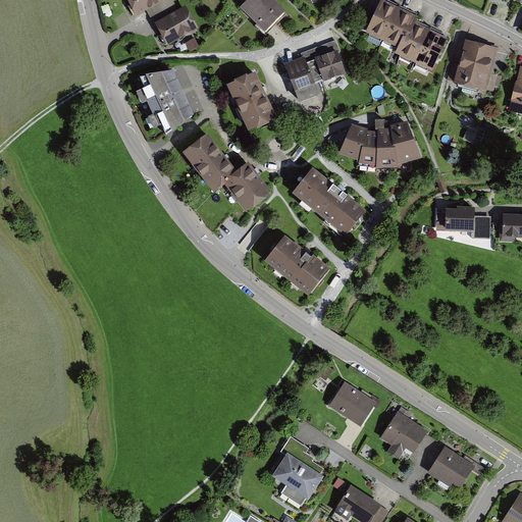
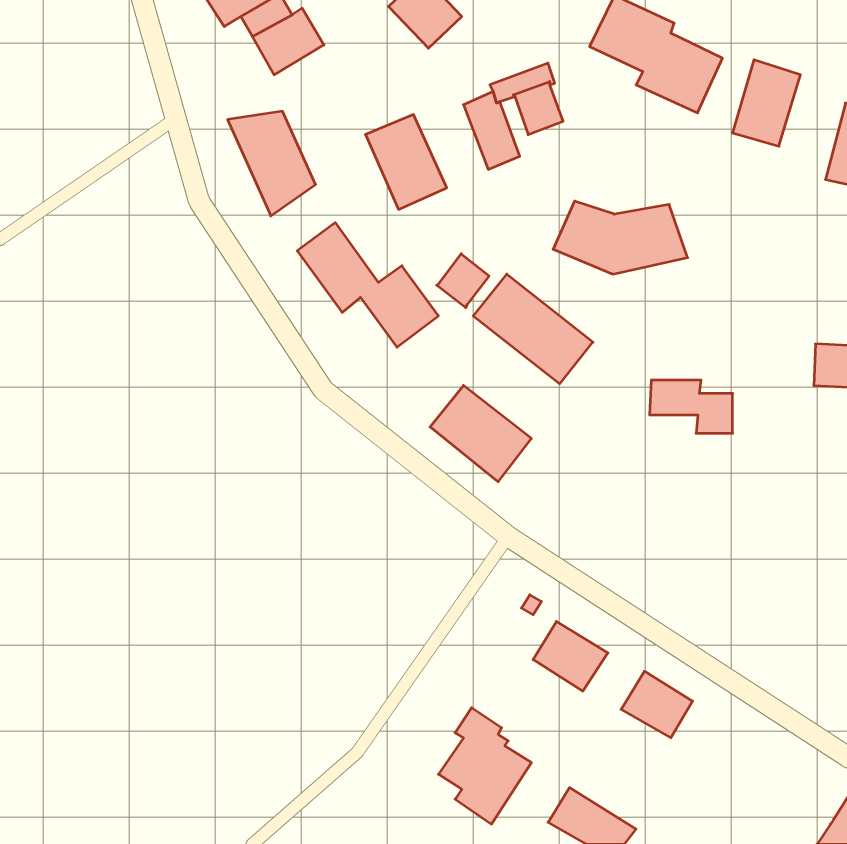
building: none -> [437,254,489,308]
building: [440,207,491,240] -> [650,380,733,433]
building: [429,446,475,486] -> none

